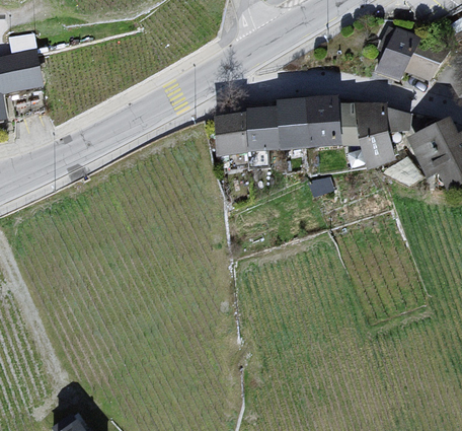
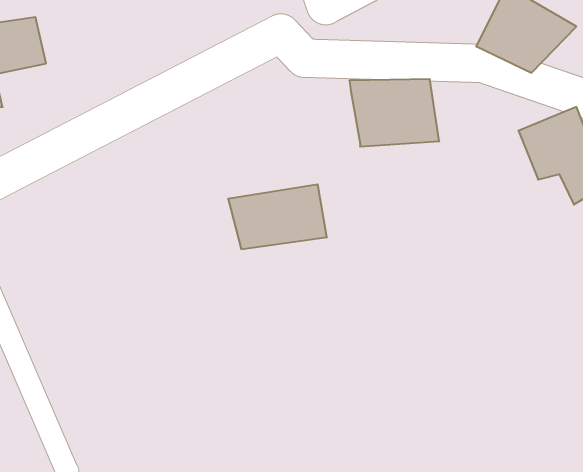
building: [355,96,413,169] -> none
building: [207,106,283,156] -> [228,184,327,249]

